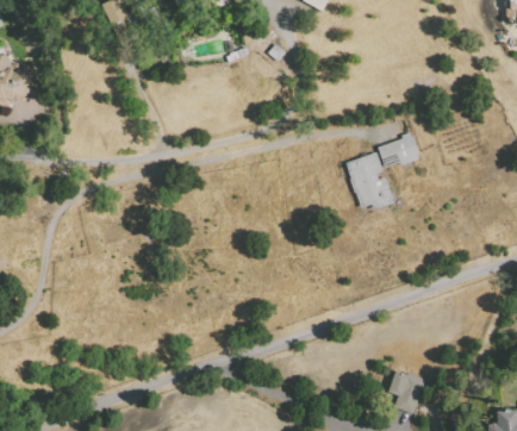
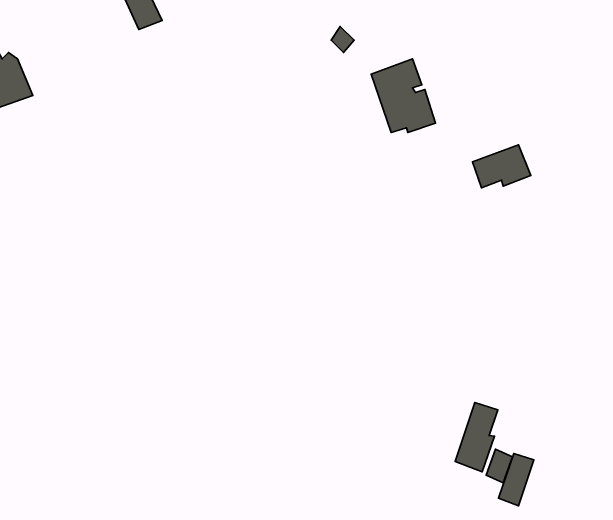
building: [344,150,394,207] -> [371,59,436,133]
building: none -> [455,402,498,472]

